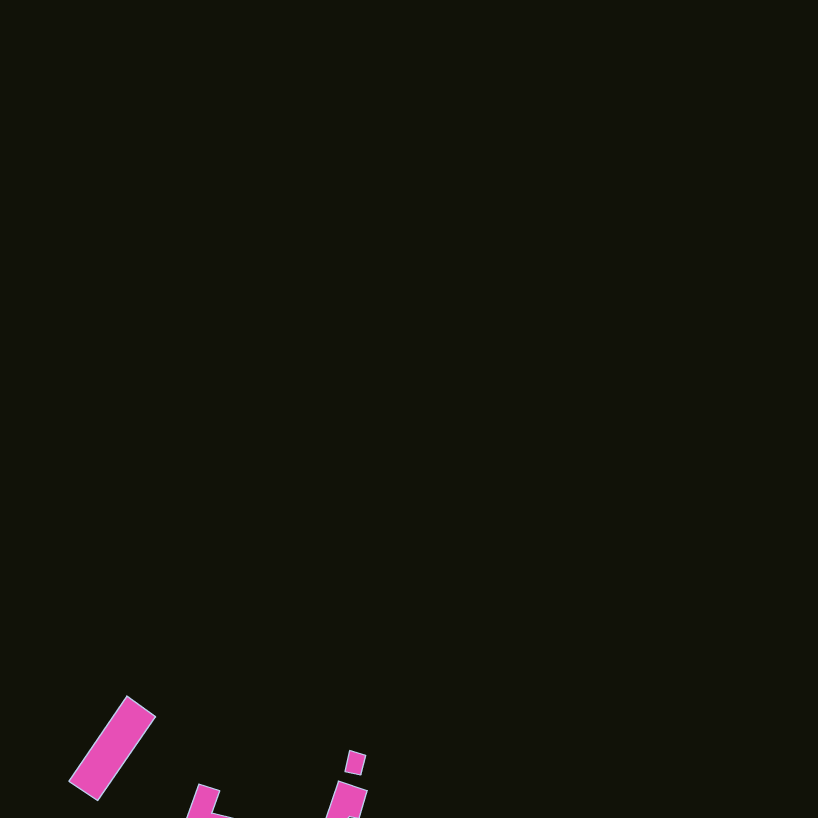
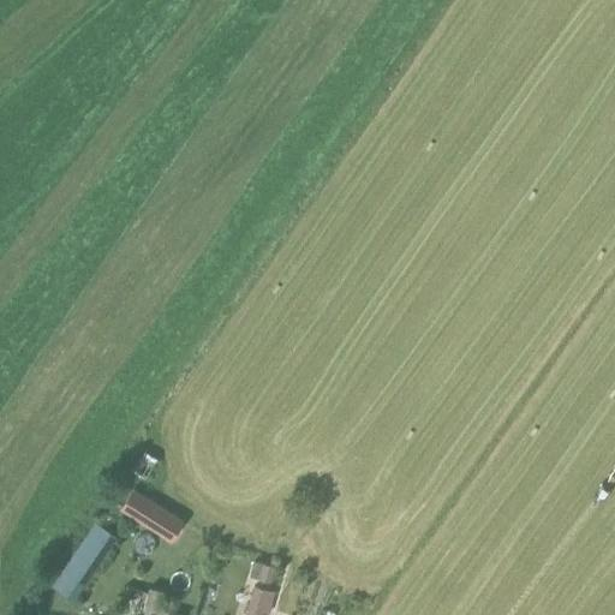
building: none -> [119,489,183,543]

